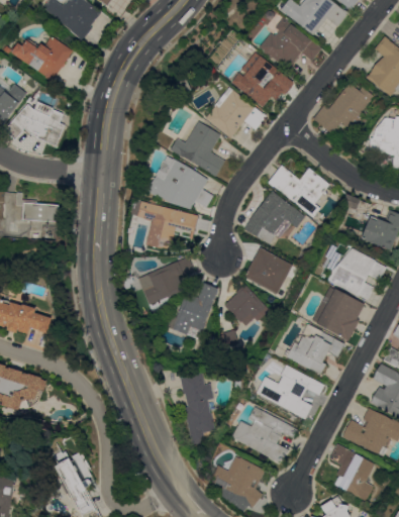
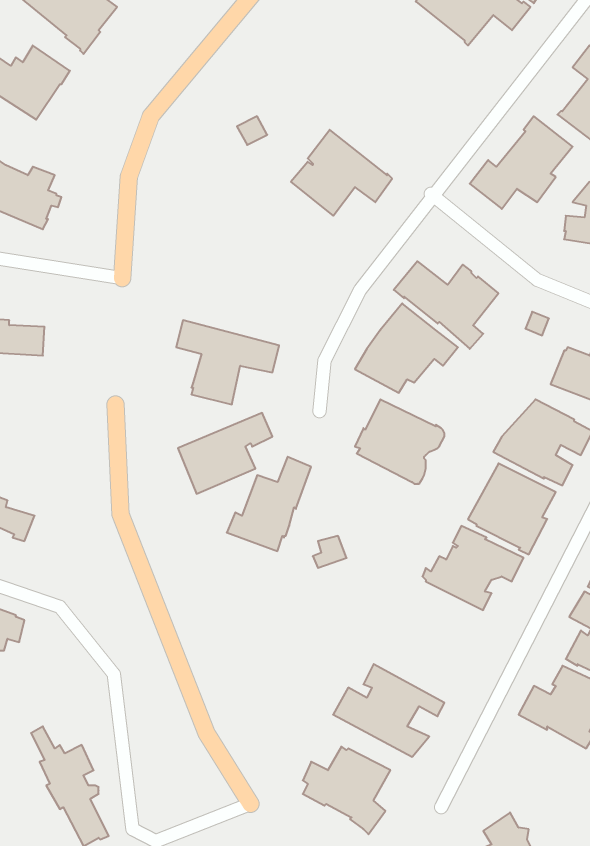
building: [260,17,322,68] -> none
building: [232,51,294,106] -> none
building: [171,120,225,176] -> none
building: [148,156,214,208] -> none
building: [224,284,267,325] -> none
building: [257,365,325,419] -> none
building: [180,371,215,444] -> none
building: [329,443,376,501] -> none

